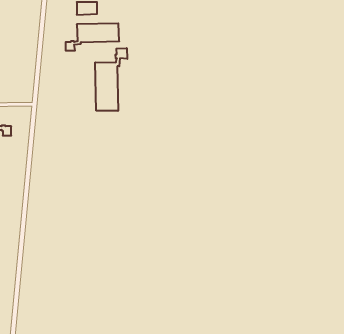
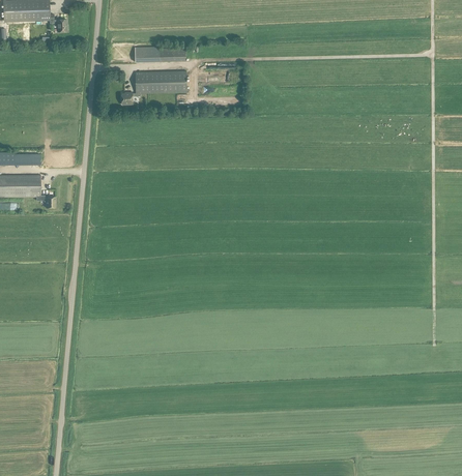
building: [95,48,127,111] -> none

